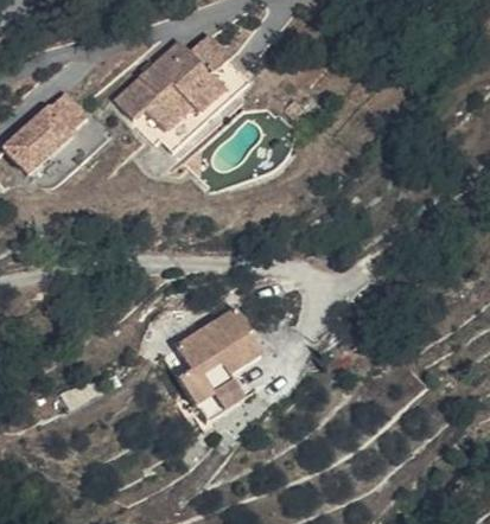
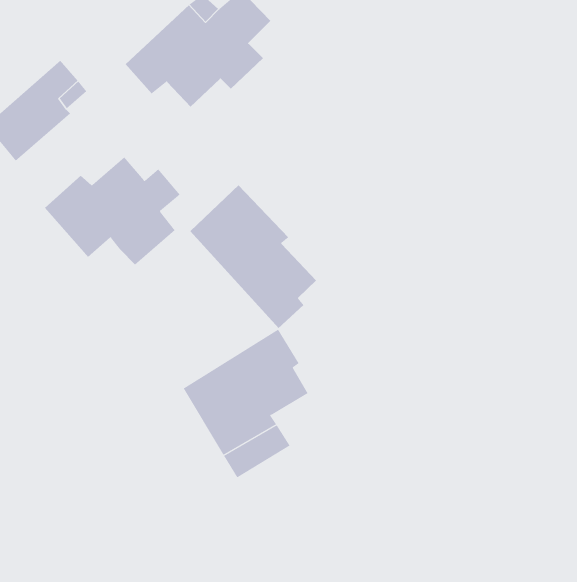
building: none -> [44,156,180,265]
building: none -> [189,185,317,329]

